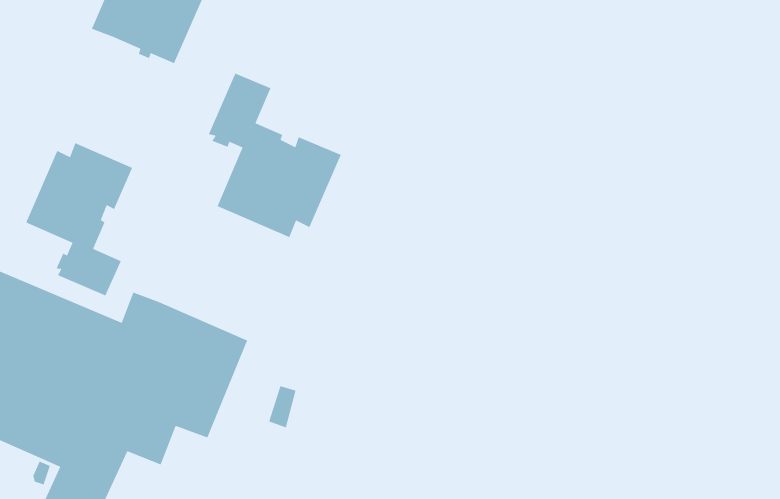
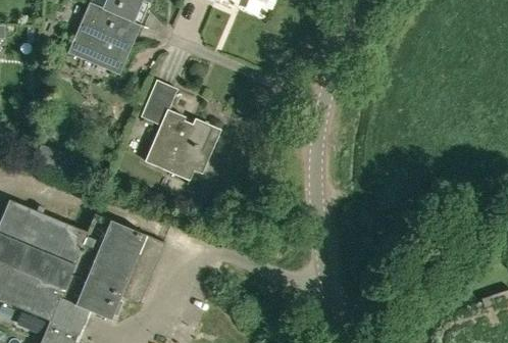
building: [25,142,133,297] -> none

